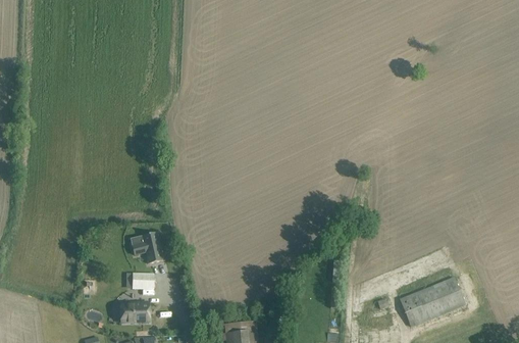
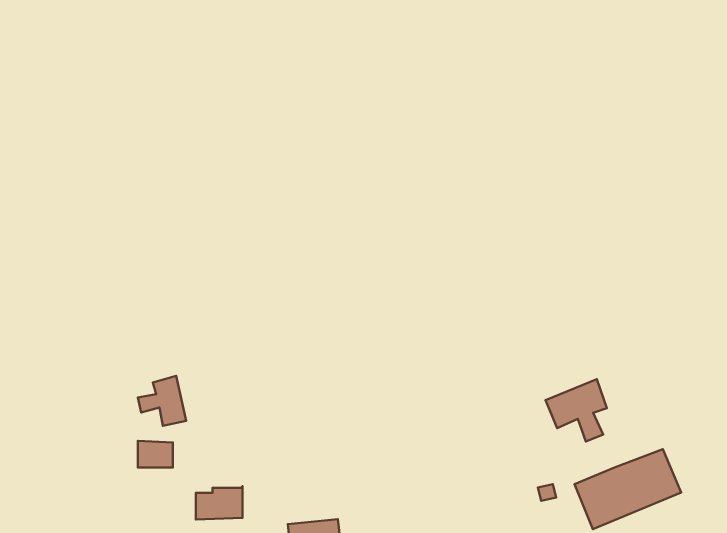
building: none -> [545,379,607,442]
building: [119,302,148,323] -> [196,486,243,520]

